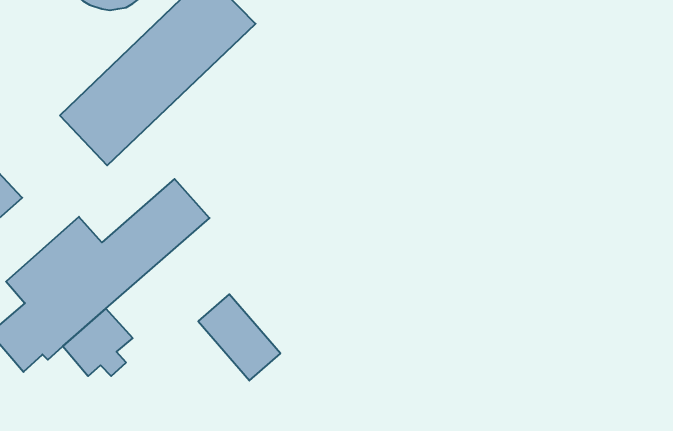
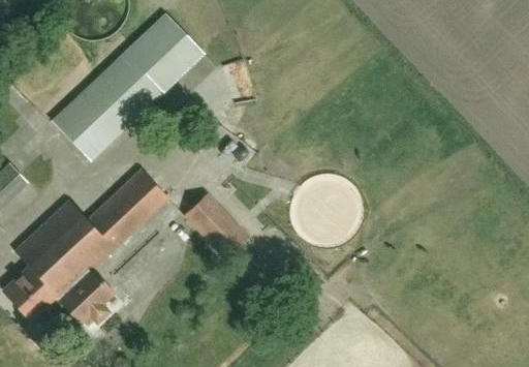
building: [198,294,280,381] -> [184,195,247,262]

